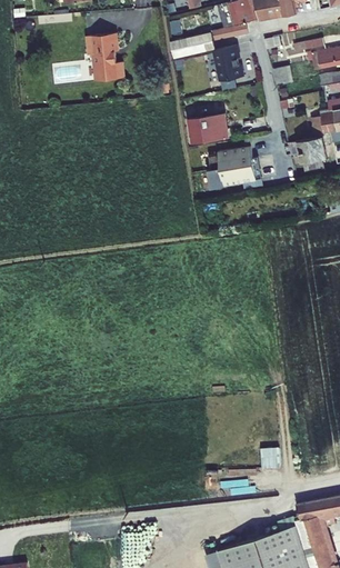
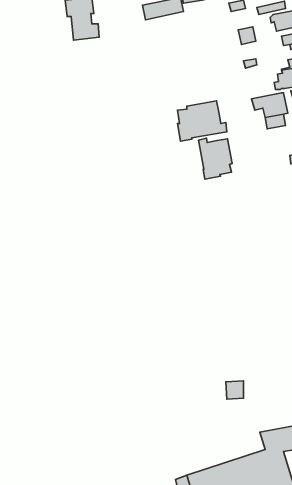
building: [213,44,242,81] -> none
building: [189,113,229,142] -> none
building: none -> [198,138,232,179]

